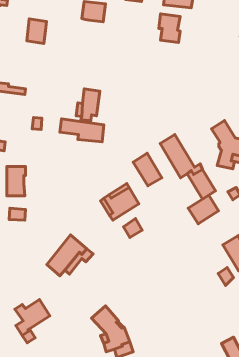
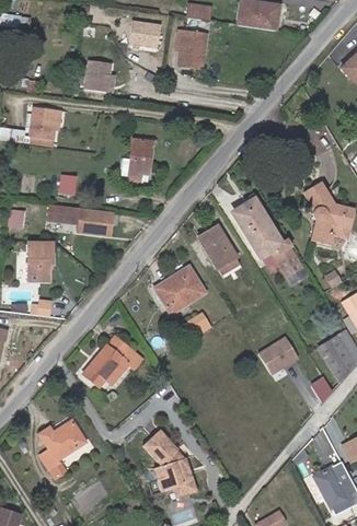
building: [159,14,180,43] -> [176,30,205,68]
building: [27,19,46,43] -> [85,59,112,92]
building: none -> [31,107,57,138]
building: [60,119,104,142] -> [54,203,113,234]
building: [188,195,219,224] -> [258,336,299,374]

